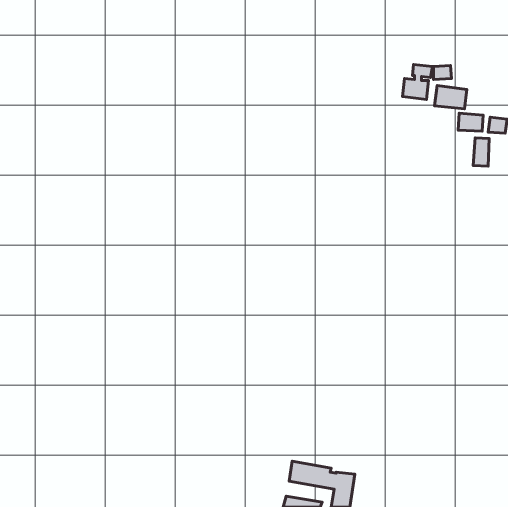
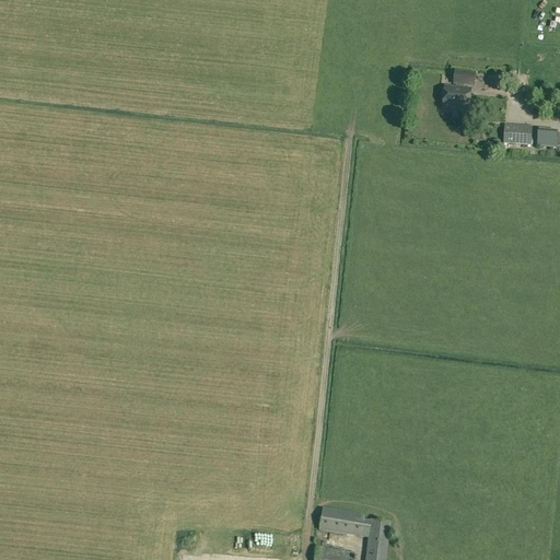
building: [435,85,467,109] -> none
building: [473,138,489,166] -> none

